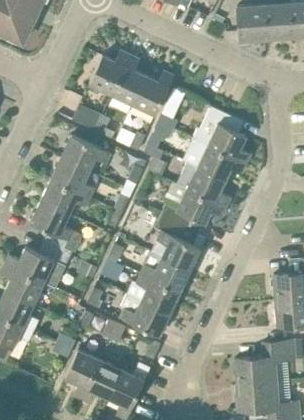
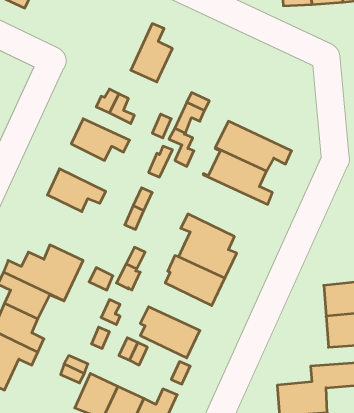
building: [89,51,129,95] -> none
building: [133,71,173,115] -> none
building: [193,107,250,163] -> none
building: [51,157,94,197] -> none
building: [159,183,226,235] -> none
building: [30,200,82,255] -> none
building: [126,274,179,314] -> none

